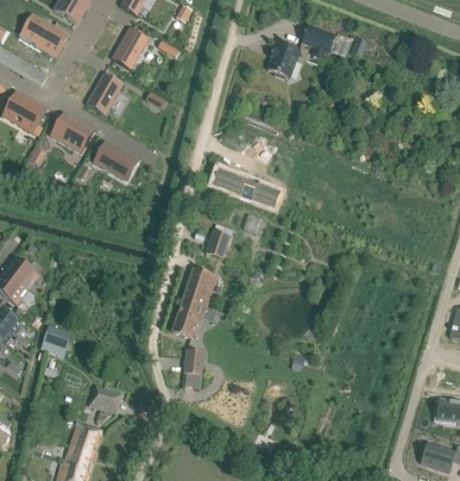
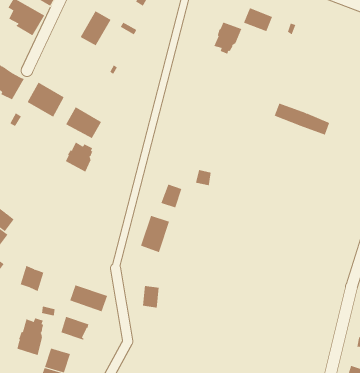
building: [86,73,124,114] -> none
building: [214,168,281,206] -> [274,103,331,135]
building: none -> [65,142,93,172]
building: [172,302,204,338] -> none
building: none -> [69,284,108,312]
building: none -> [17,318,44,356]

